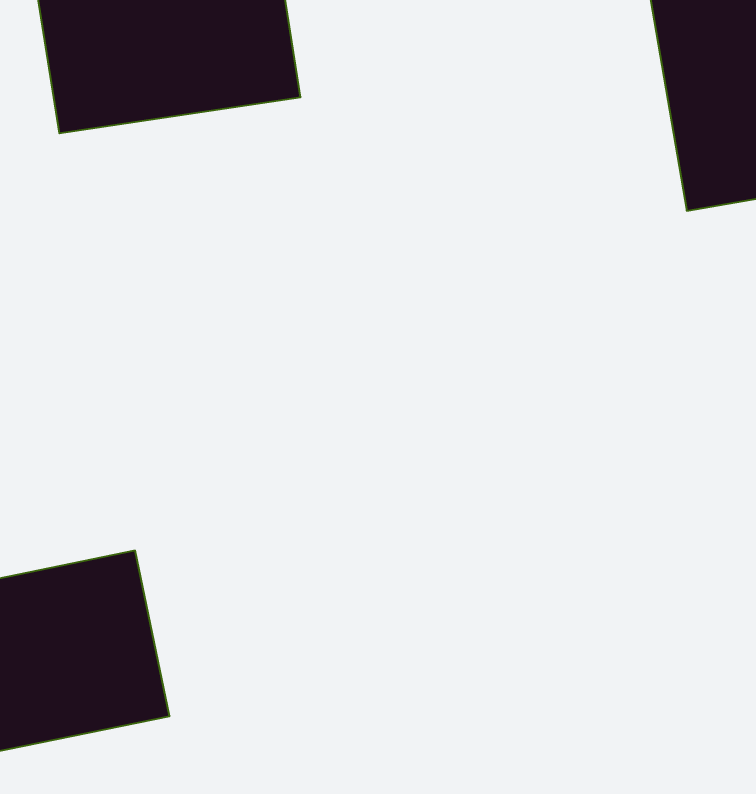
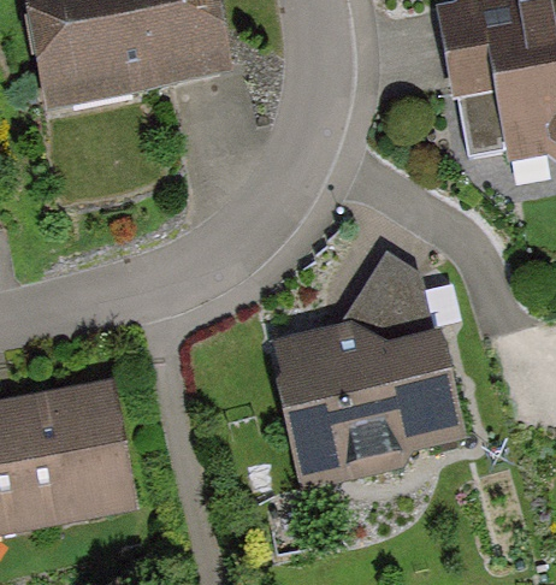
building: none -> [280,267,467,468]

